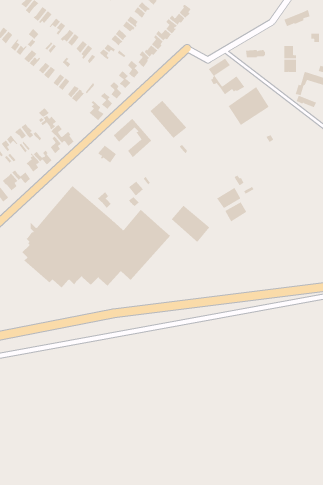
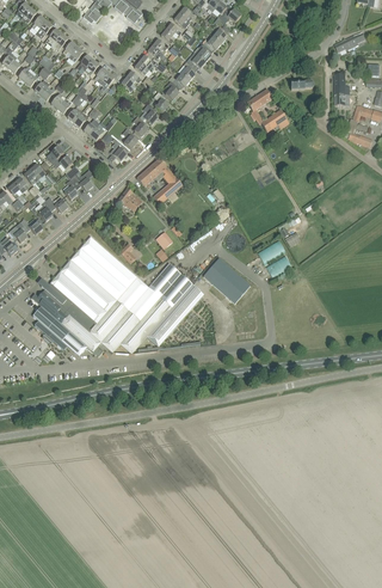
building: [228,86,269,126] -> none
building: [150,100,187,139] -> none

